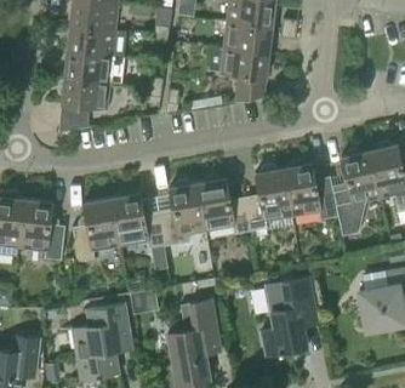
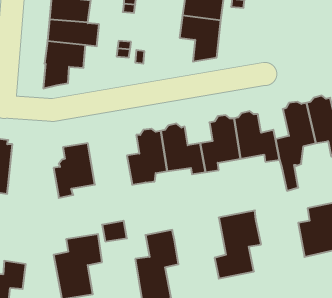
building: [112,189,167,259] -> none
building: [18,198,64,259] -> none

